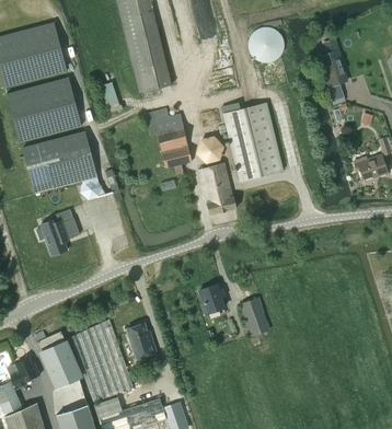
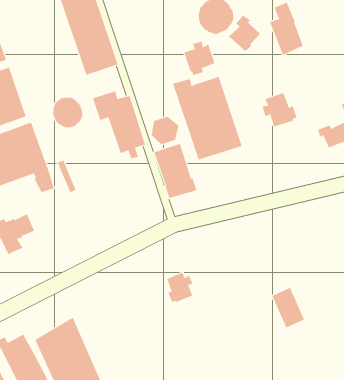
building: none -> [228,14,261,52]
building: none -> [184,41,215,76]
building: none -> [53,97,83,128]
building: none -> [262,92,297,127]
building: [240,298,269,336] -> [271,287,305,328]
building: [126,323,155,359] -> none

